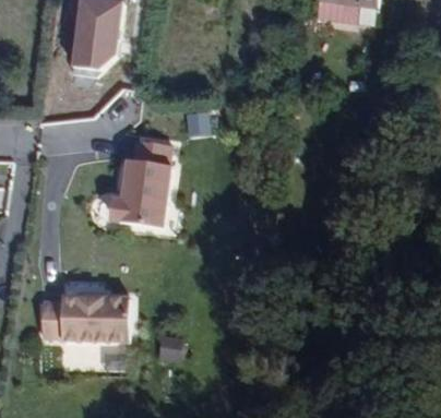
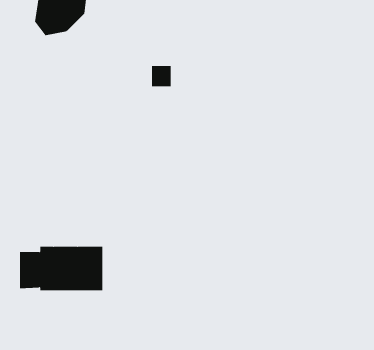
building: [111,142,170,227] -> none

